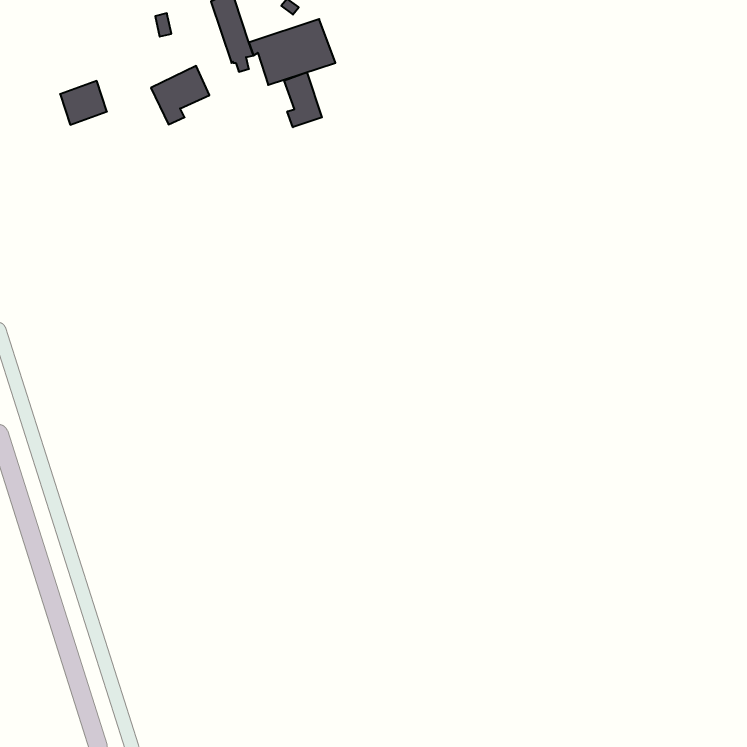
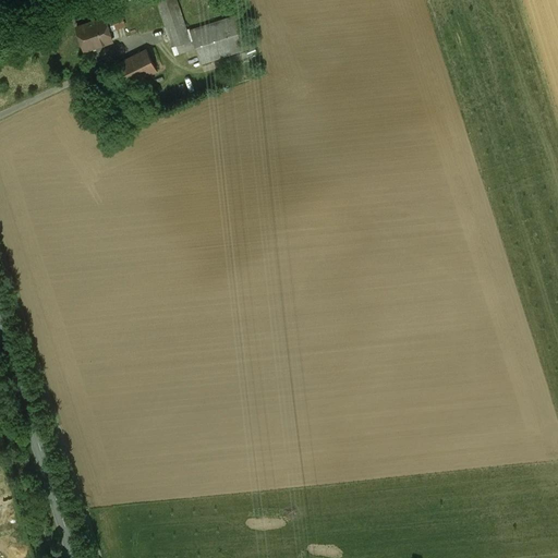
building: [284,72,322,127] -> none
building: [60,81,107,125] -> [76,17,111,50]

